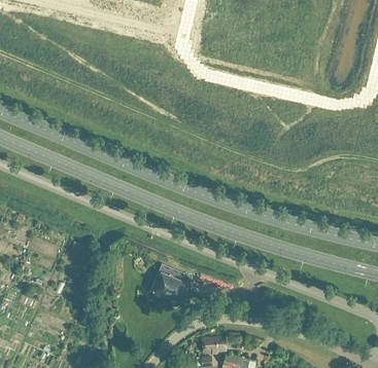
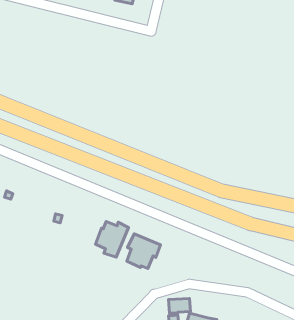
building: none -> [96,221,128,257]

